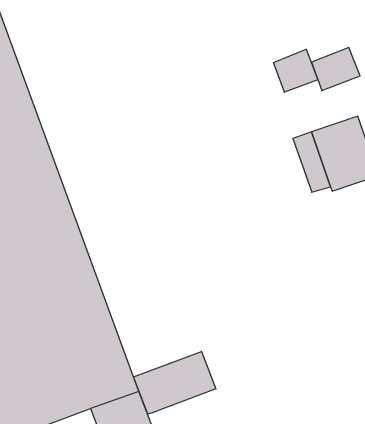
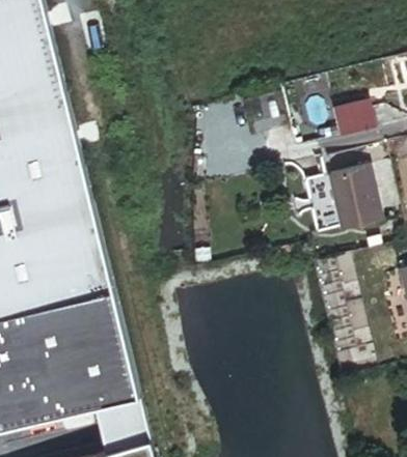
building: [273,49,318,92] -> none
building: [134,351,216,414] -> none

